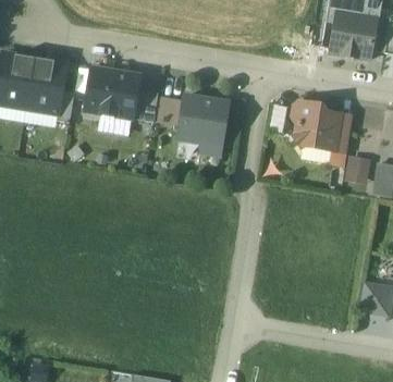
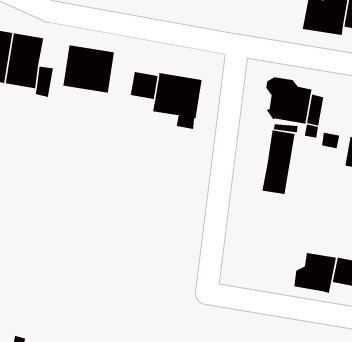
building: [131,88,157,122] -> none
building: none -> [262,130,295,195]
building: none -> [294,252,337,294]

